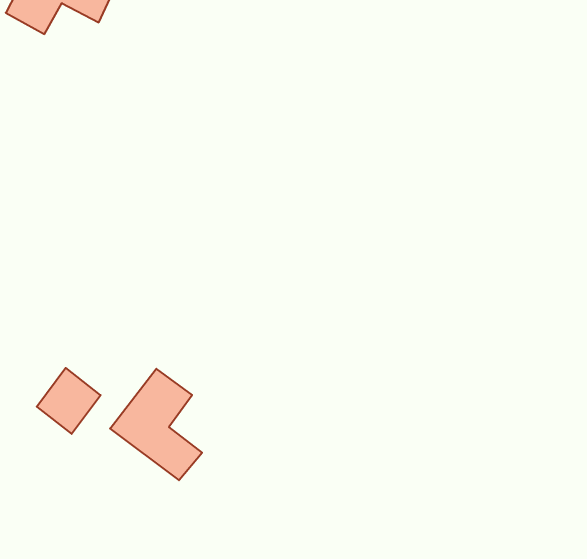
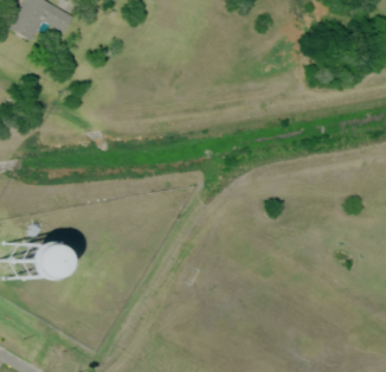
building: [110,369,202,480] -> none

